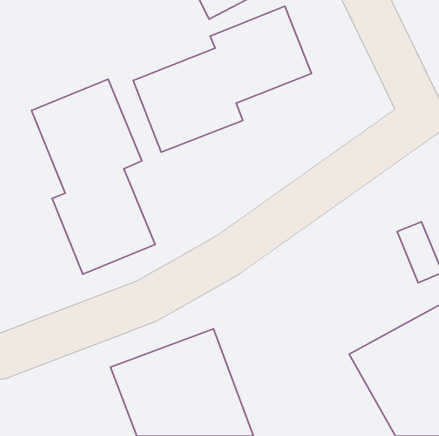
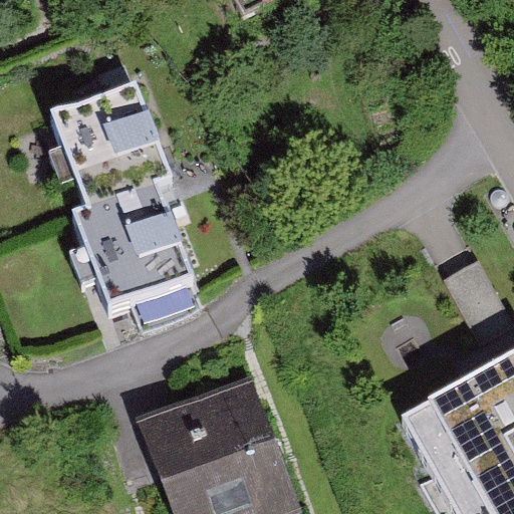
building: [133,6,311,152] -> none

